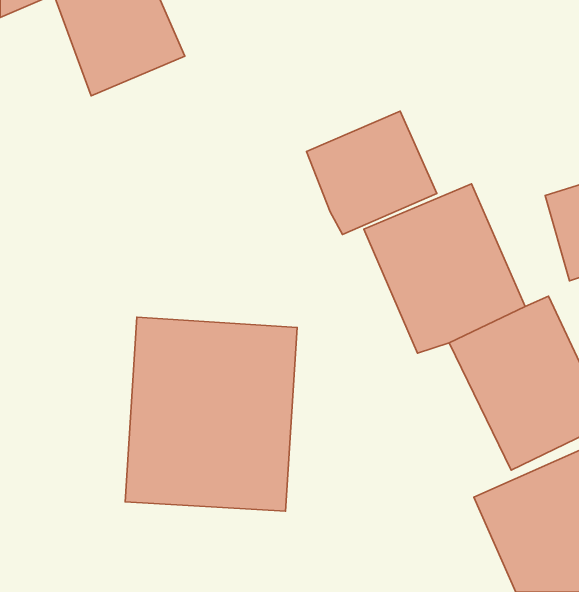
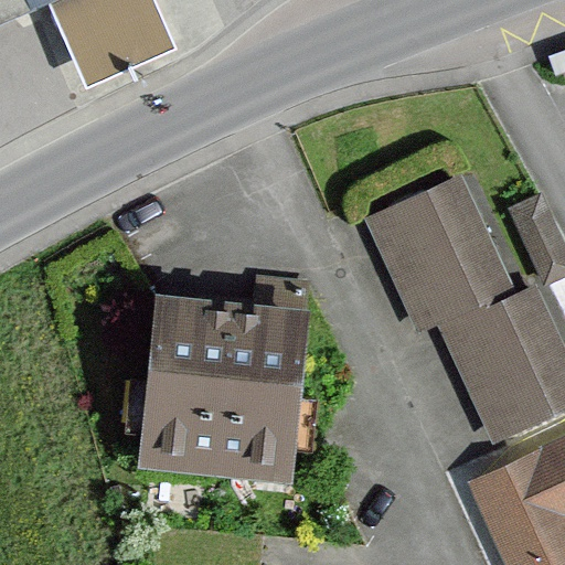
building: [306,111,437,234] -> none

